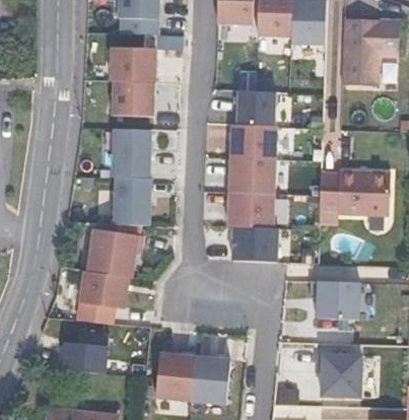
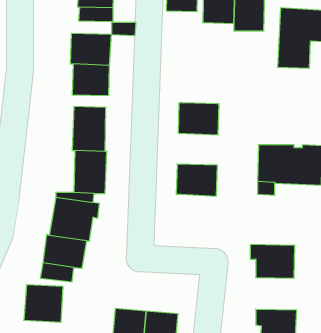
building: [236,90,275,125] -> none
building: [229,157,275,193] -> none
building: [232,225,278,261] -> none

